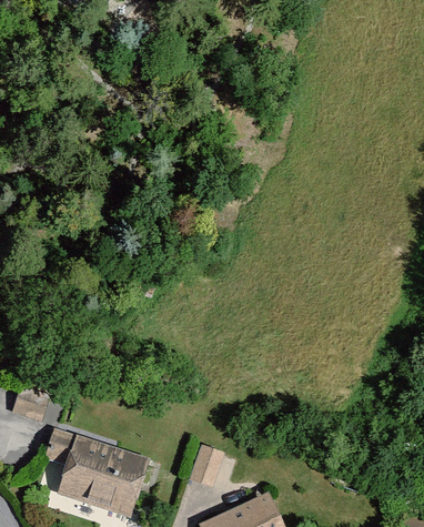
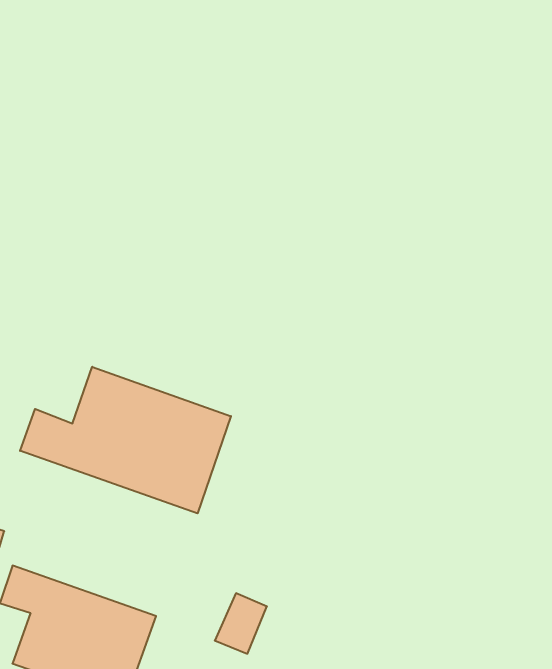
building: none -> [20,367,231,513]

